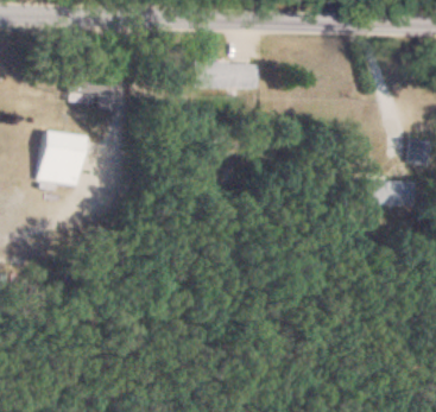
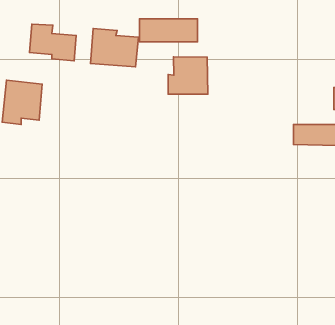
building: none -> [90,29,138,67]
building: none -> [168,57,208,94]

